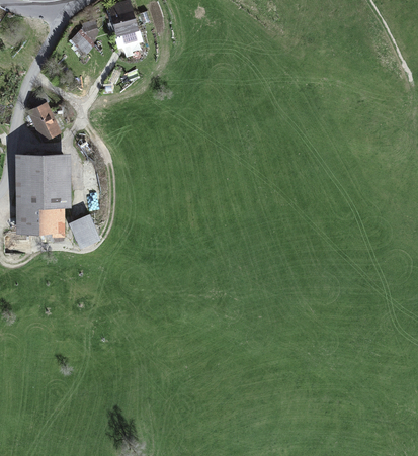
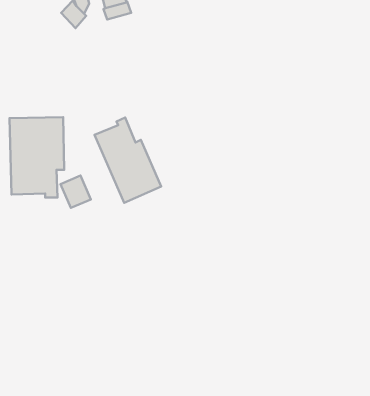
building: [25,93,62,145] -> none
building: none -> [95,118,161,203]

